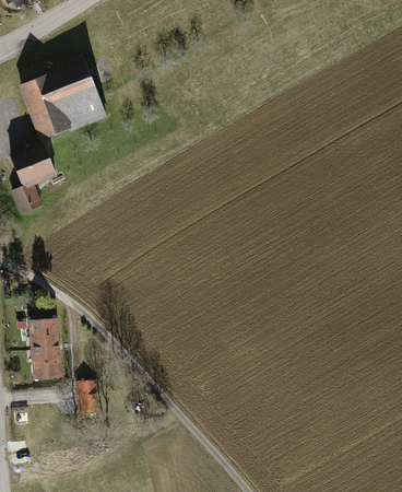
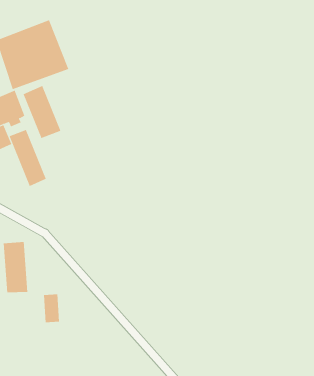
building: none -> [23,85,61,139]
building: none -> [9,129,47,187]

